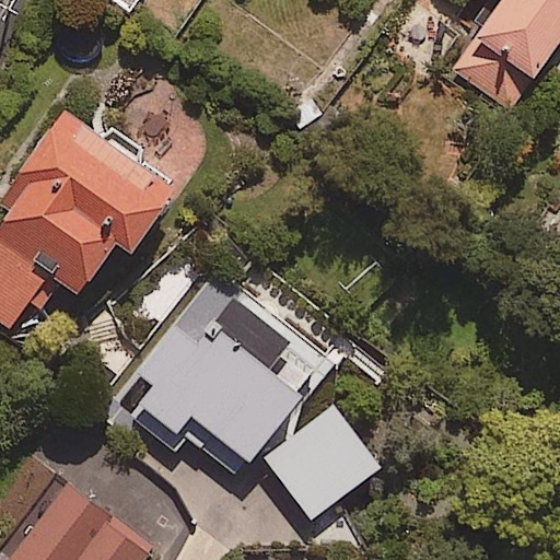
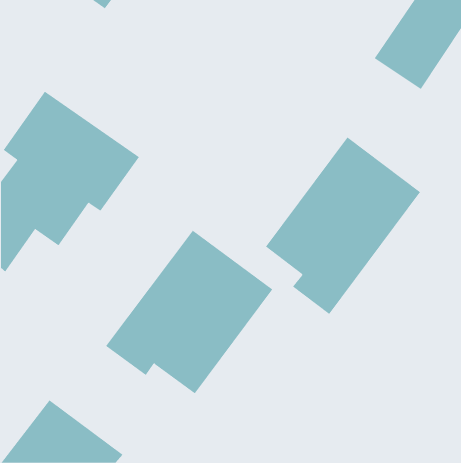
building: none -> [265,136,421,315]
building: [265,407,381,521] -> none

